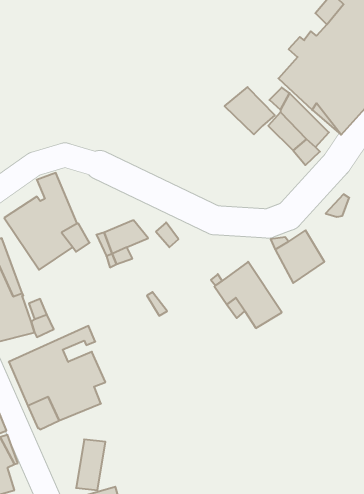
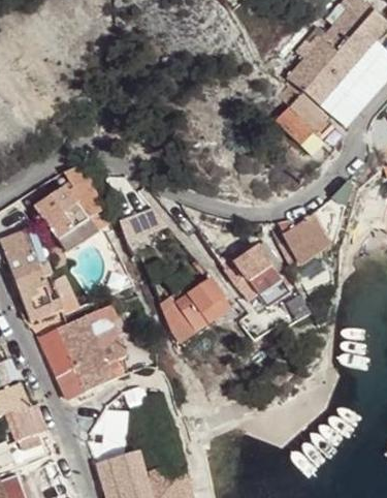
building: [225,87,275,134] -> none
building: none -> [165,279,230,344]

